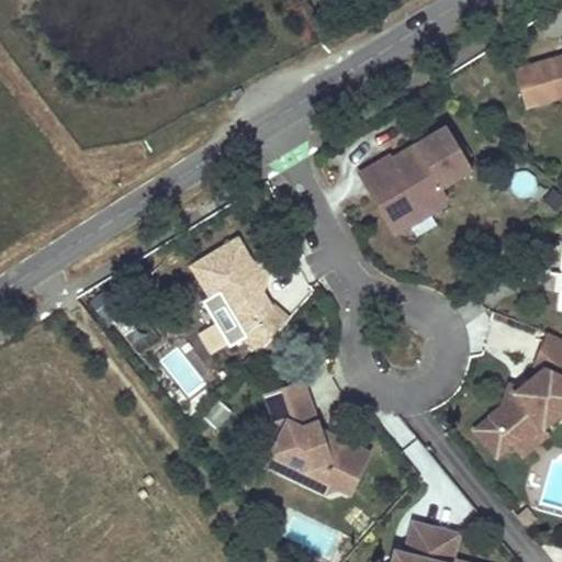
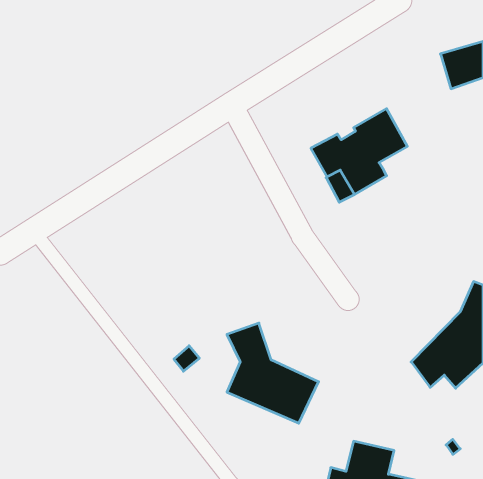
building: [191,237,290,352] -> none

